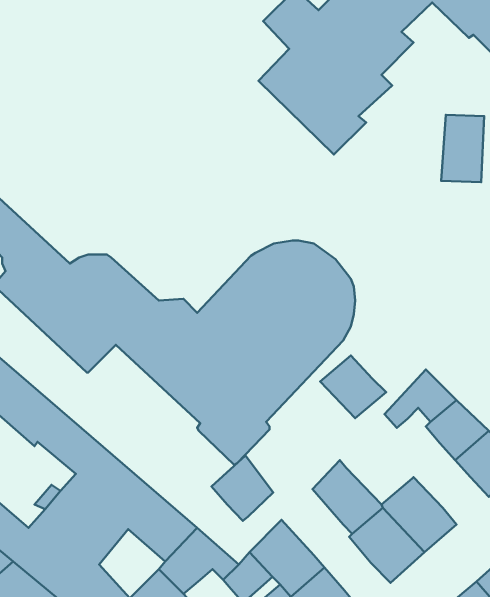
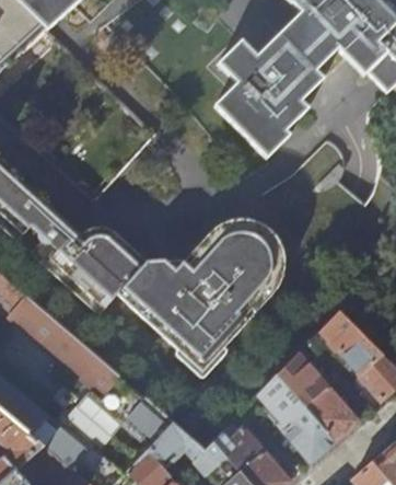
building: [320,355,386,418] -> [279,361,326,406]
building: [212,456,273,521] -> none

